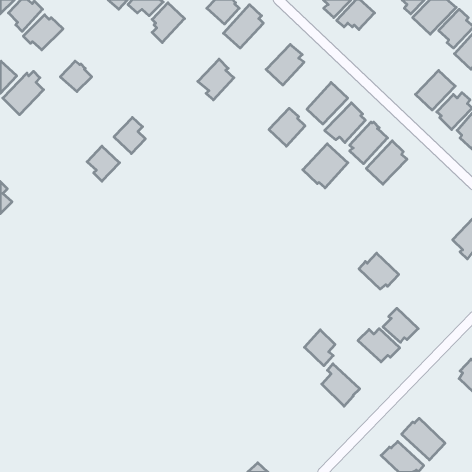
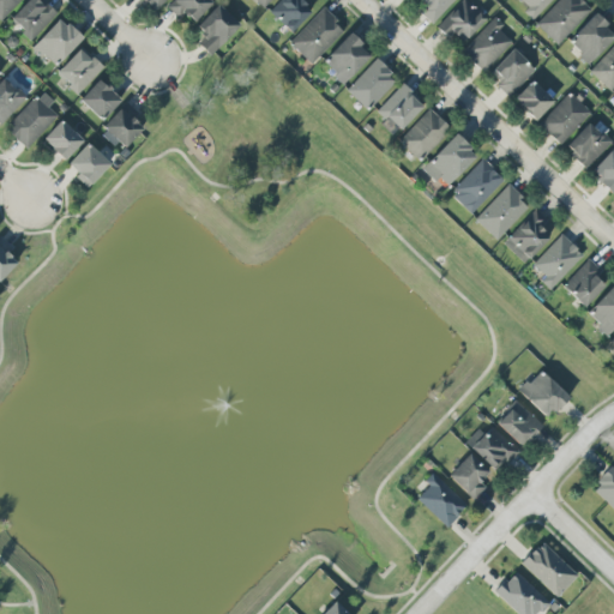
building: none -> [464,16,512,70]
building: none -> [58,46,104,95]
building: none -> [492,47,536,96]
building: [198,59,234,100] -> [324,31,371,84]
building: none -> [513,79,554,120]
building: none -> [43,119,83,158]
building: [269,108,305,146] -> [377,83,423,132]
building: [114,117,145,154] -> [103,101,144,148]
building: [303,144,348,188] -> none
building: [87,146,120,181] -> [68,142,110,187]
building: none -> [504,207,549,263]
building: none -> [534,234,584,288]
building: none -> [564,258,606,306]
building: [359,253,399,289] -> [518,369,570,416]
building: [304,330,335,366] -> [450,452,489,499]

